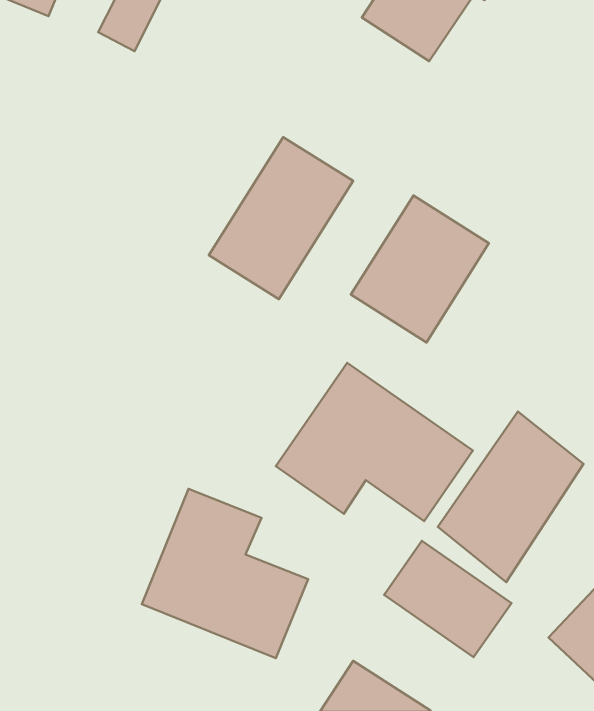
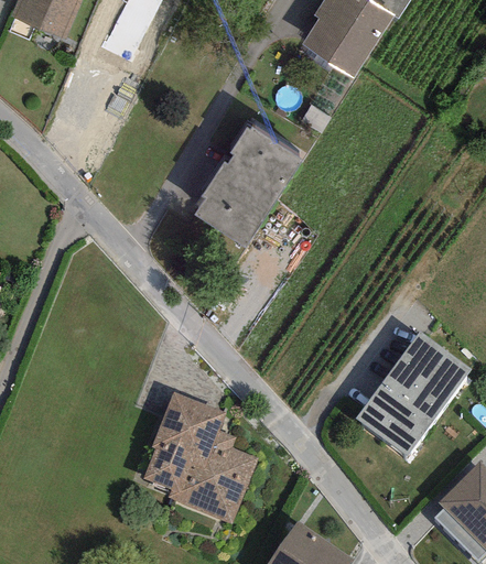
building: [351,195,489,343] -> none
building: [276,363,473,521] -> none
building: [384,541,511,657] -> none

